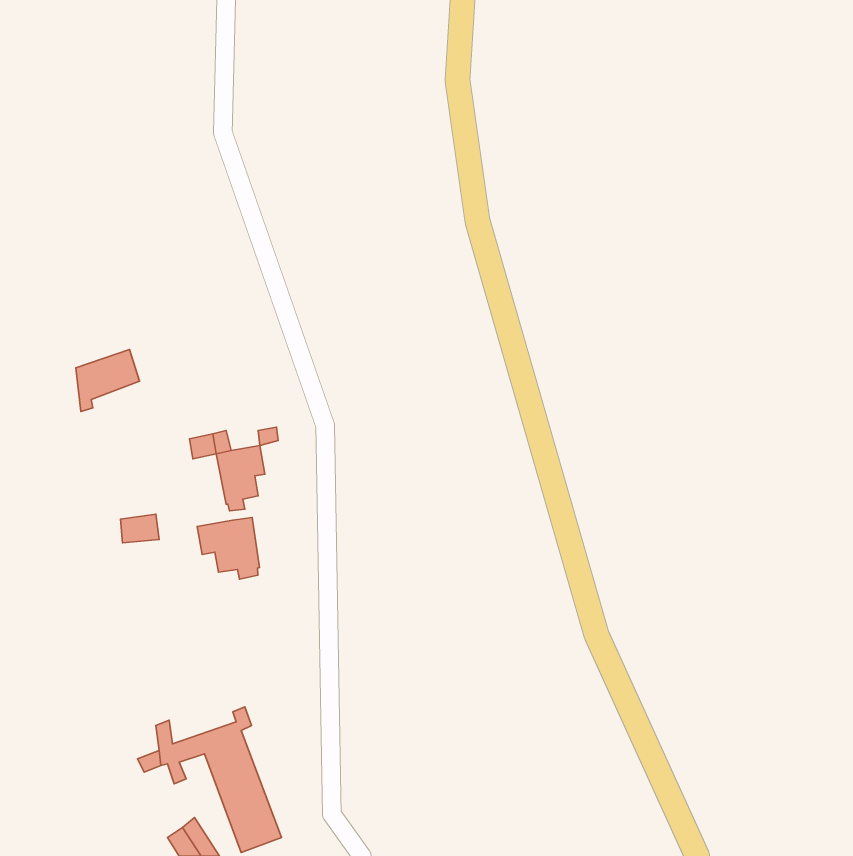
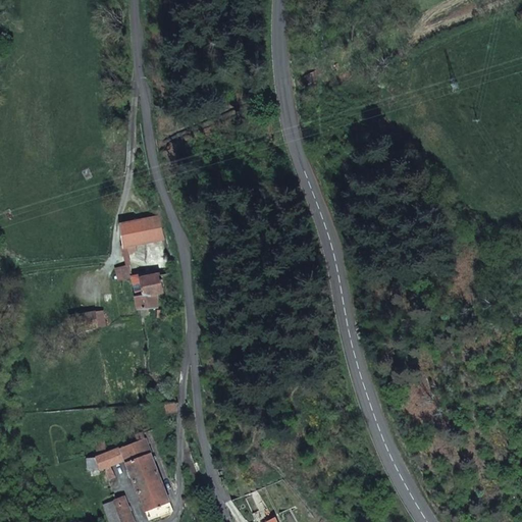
building: [76,349,140,411] -> [124,216,163,254]
building: [197,518,259,579] -> none

